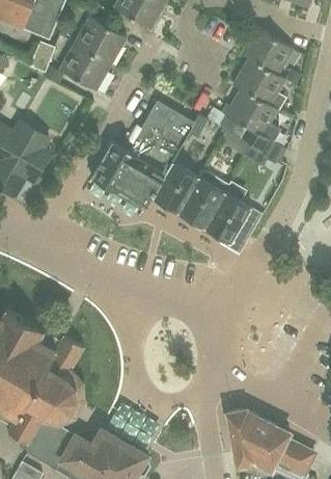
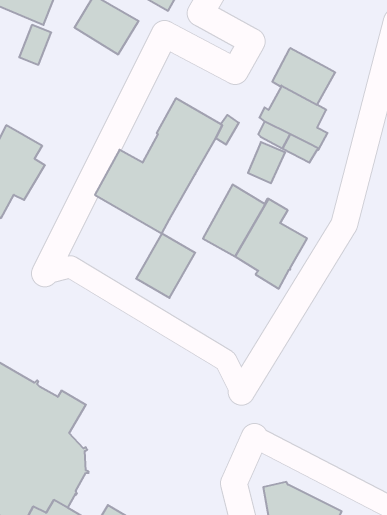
building: [241,28,292,75] -> none
building: [59,43,110,90] -> none
building: [151,161,199,213] -> [136,233,195,298]

